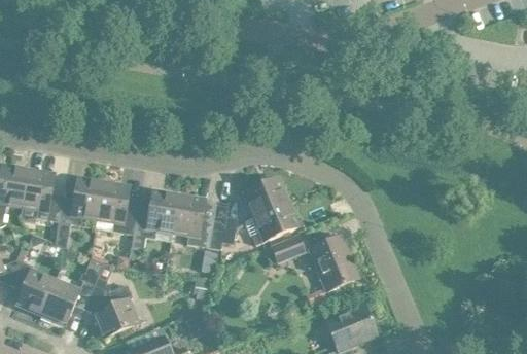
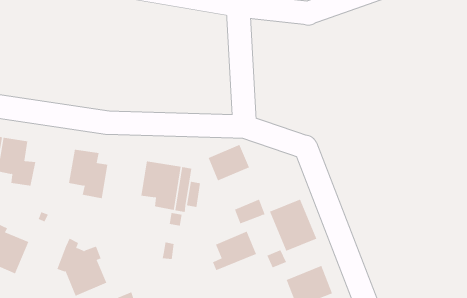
building: [58,176,103,224] -> none
building: [131,189,179,247] -> none
building: [251,201,298,243] -> [212,231,257,271]
building: [41,279,94,323] -> none

